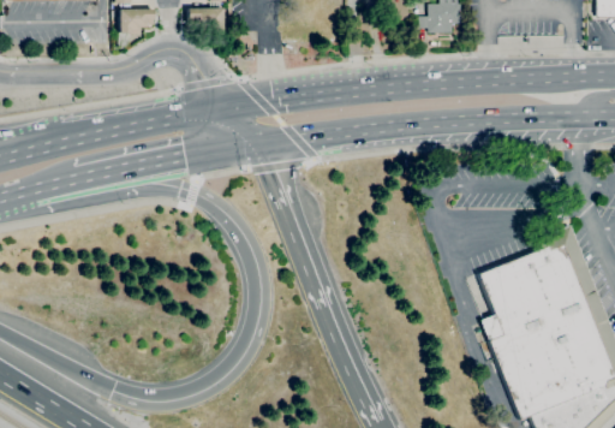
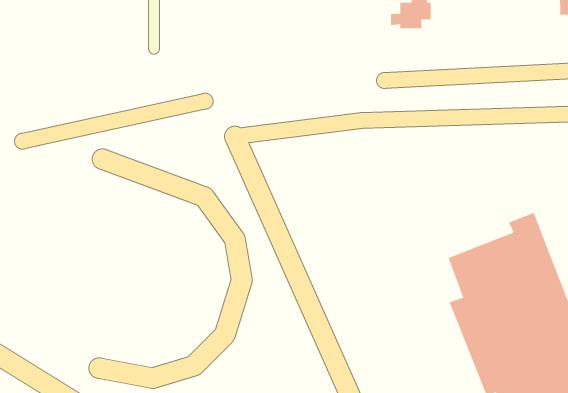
building: [120,8,155,34] -> none
building: [189,8,223,32] -> none

